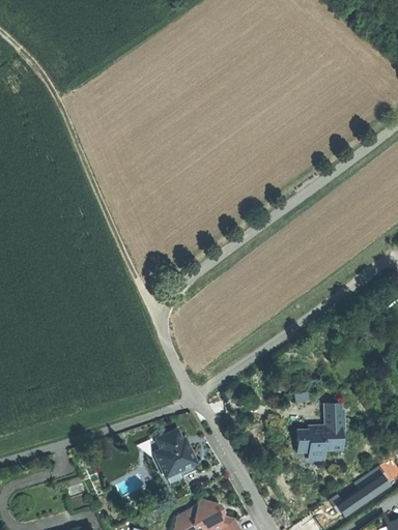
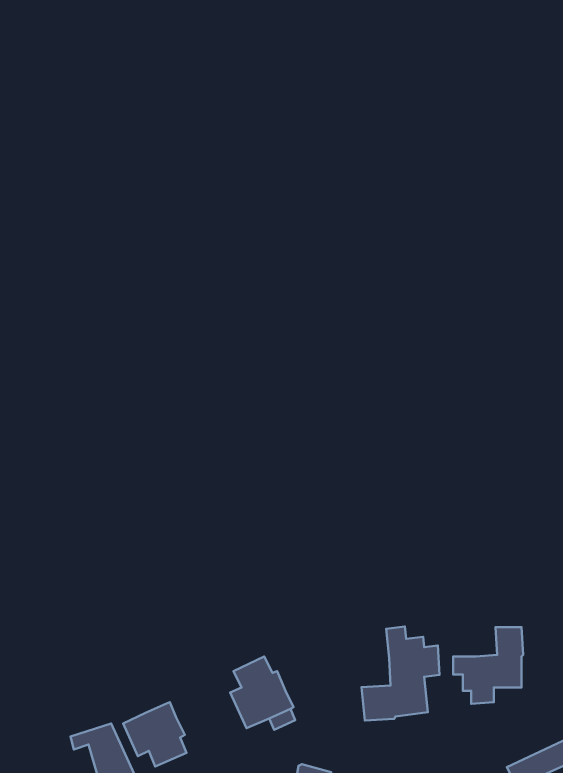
building: none -> [361,626,439,720]
building: none -> [123,702,187,766]

